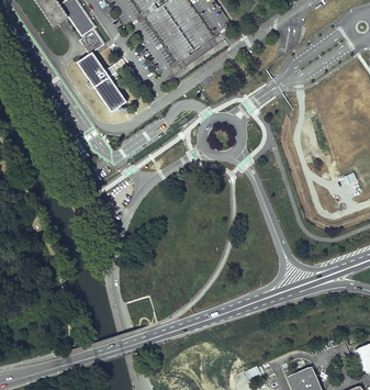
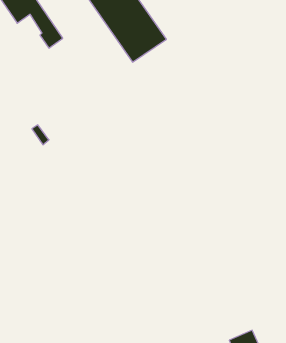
building: [78,53,126,111] -> none

